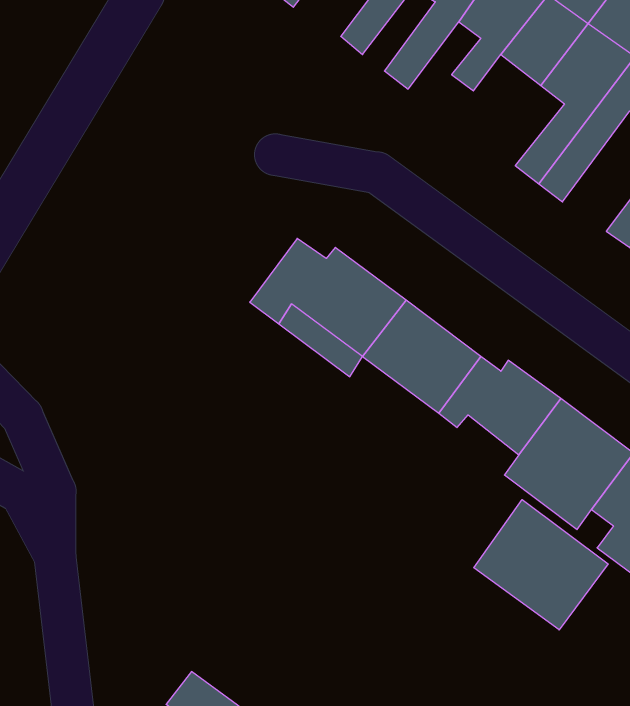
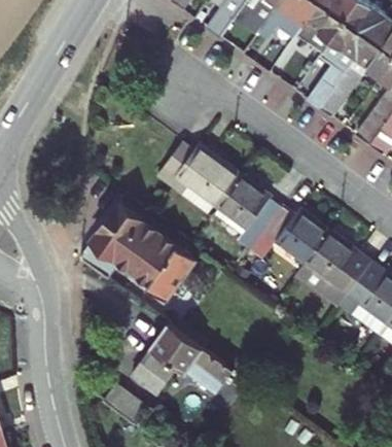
building: none -> [83,204,200,303]
building: [474,500,608,630] -> none
building: none -> [133,326,237,400]

